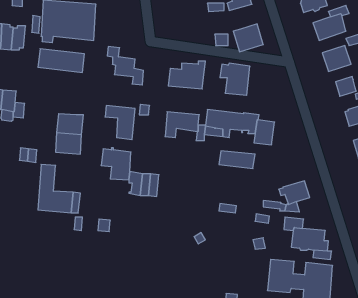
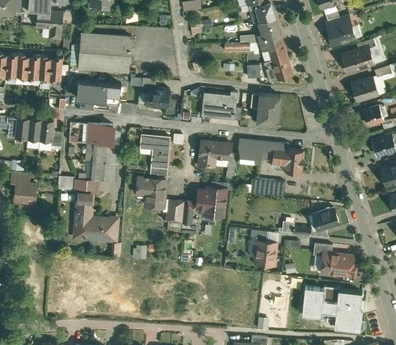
building: none -> [260,37,287,61]
building: none -> [88,123,113,144]
building: none -> [196,186,226,216]
building: none -> [255,241,276,265]

